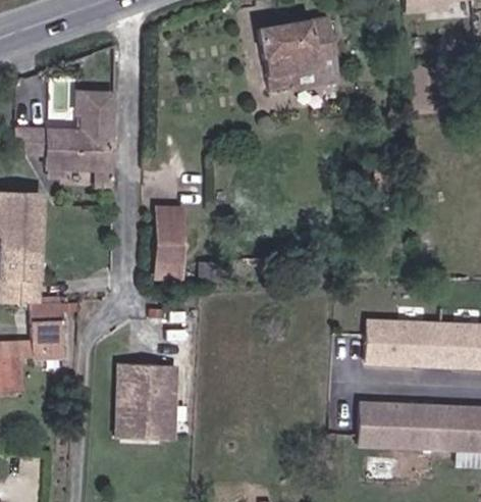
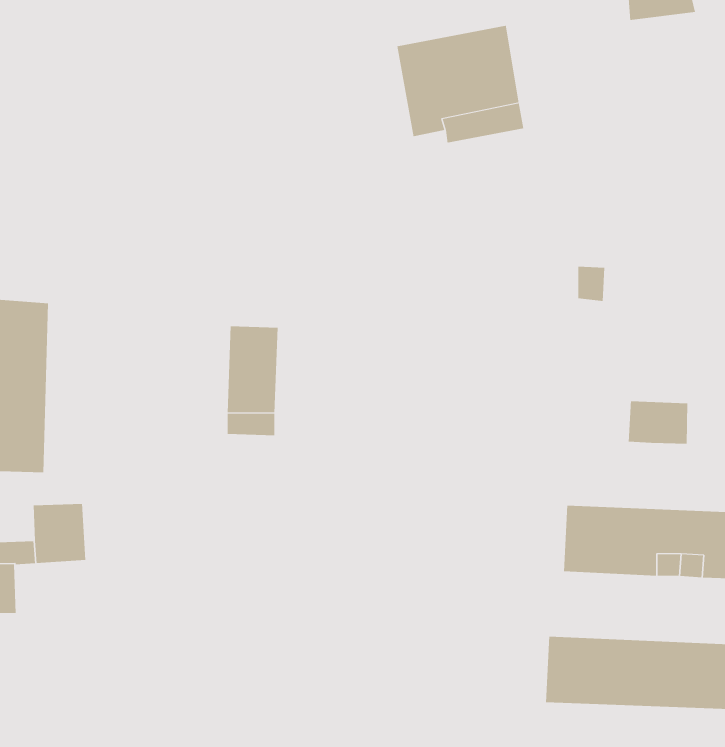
building: [16,91,114,169] -> none
building: none -> [628,400,688,445]
building: [115,359,173,436] -> none

